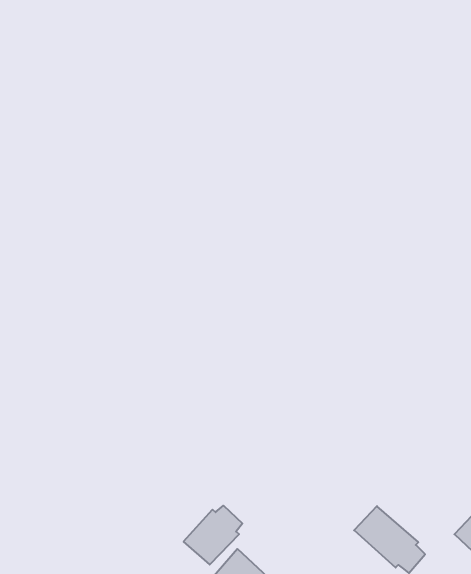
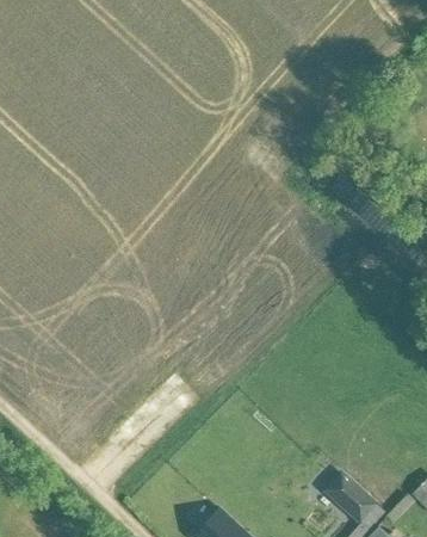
building: [184,506,242,565] -> none

